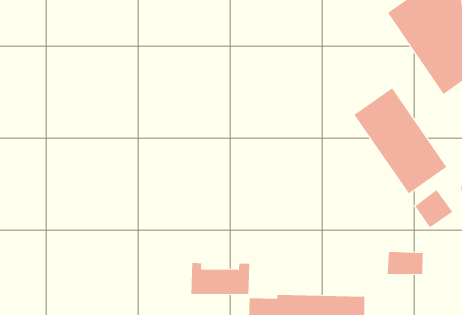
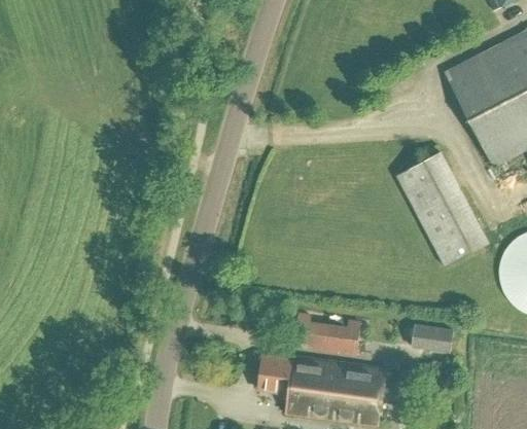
building: [415,189,453,228] -> none
building: [190,263,250,295] -> [294,313,361,354]

